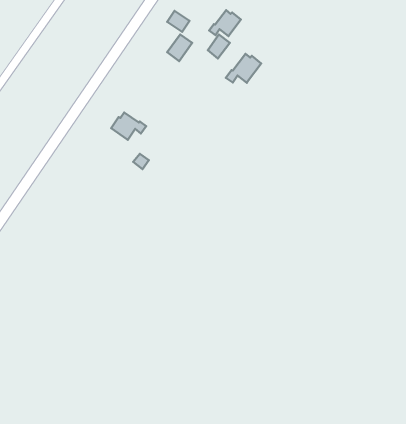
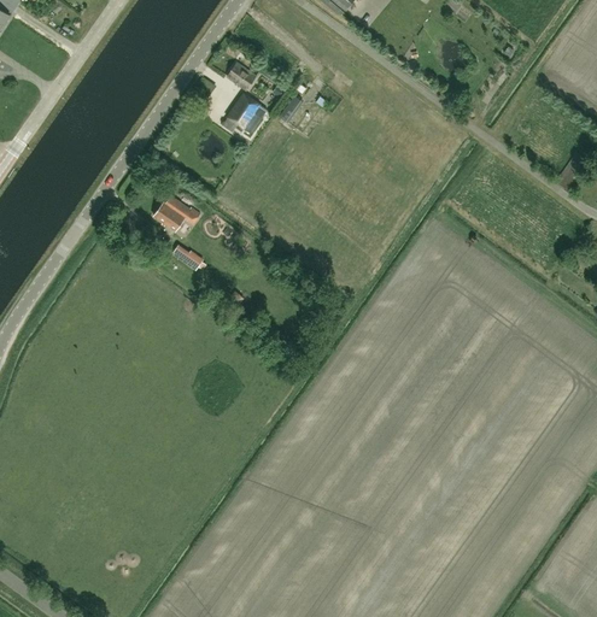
building: [209,10,241,36] -> none
building: [226,54,261,83] -> none

